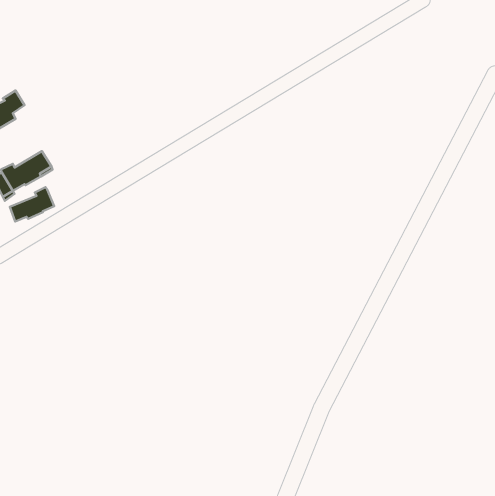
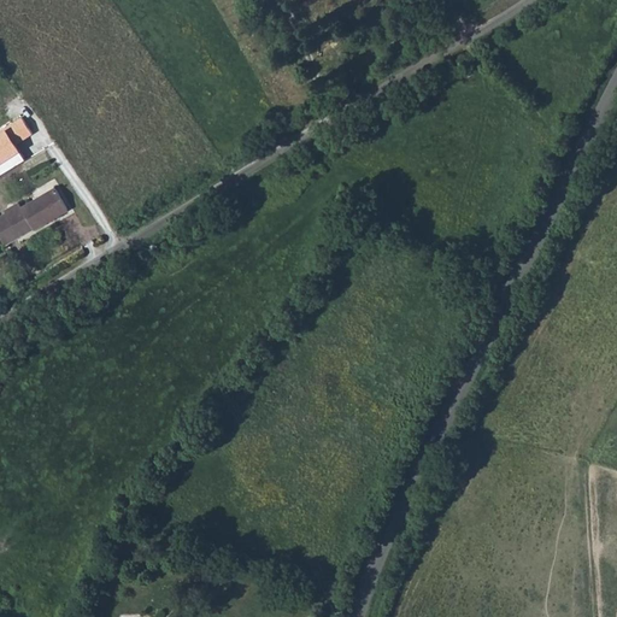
building: [10,187,54,222] -> none

